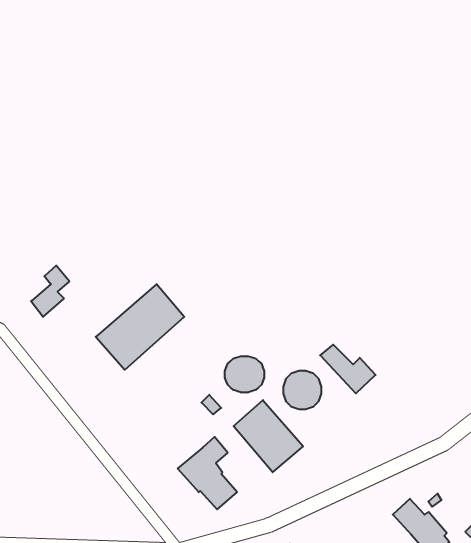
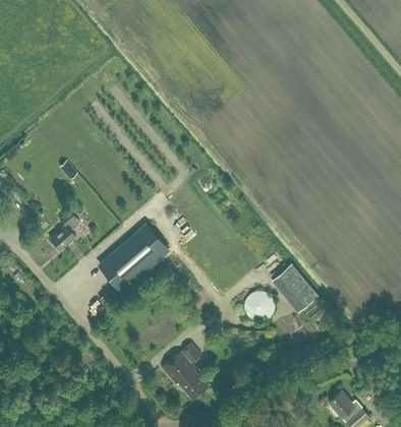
building: [225,356,264,393] -> none
building: [234,400,303,472] -> none

